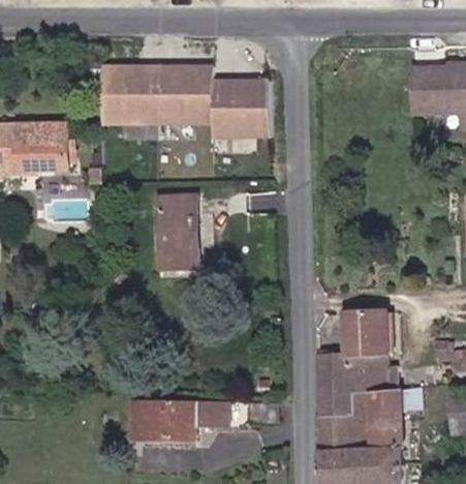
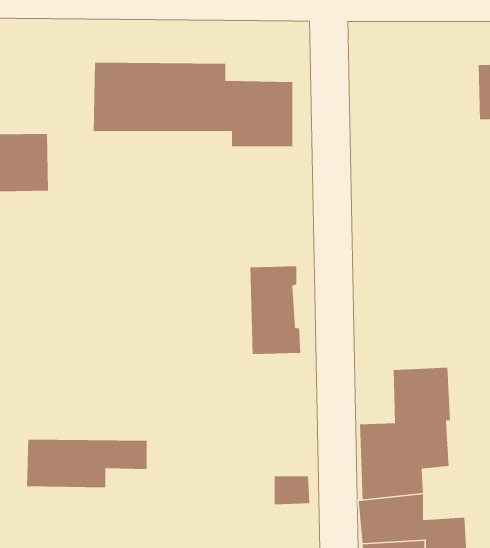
building: [158,196,199,268] -> [249,266,301,355]
building: [367,389,401,432] -> none
building: [132,400,229,440] -> [26,439,148,488]

